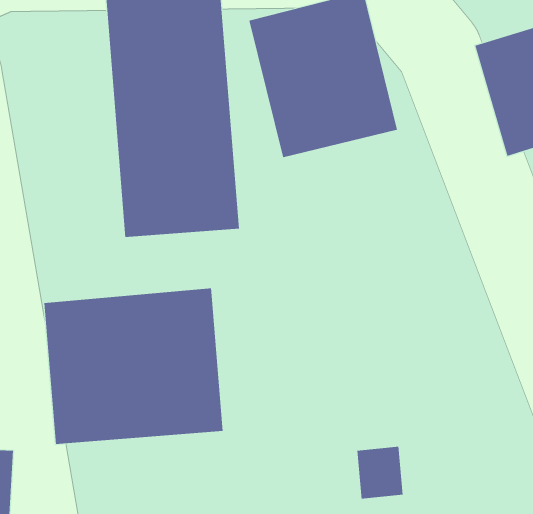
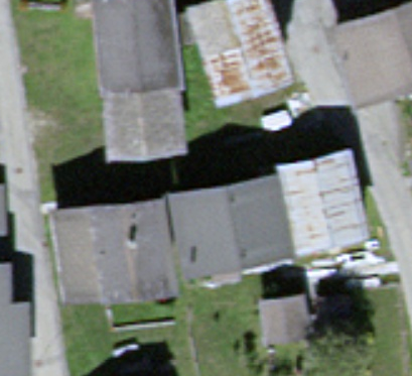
building: none -> [279,152,375,254]
building: none -> [169,174,288,275]

